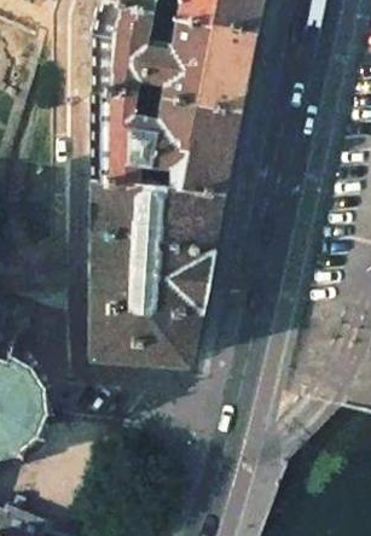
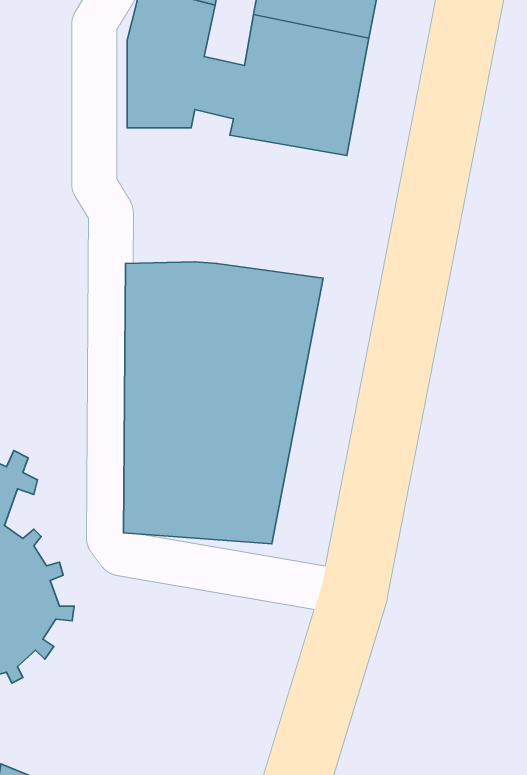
building: [92,97,238,196] -> none

